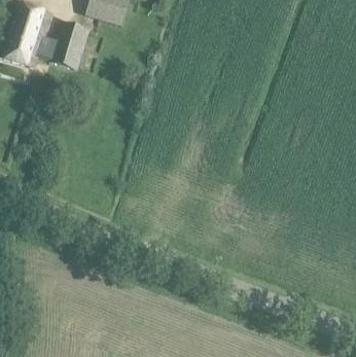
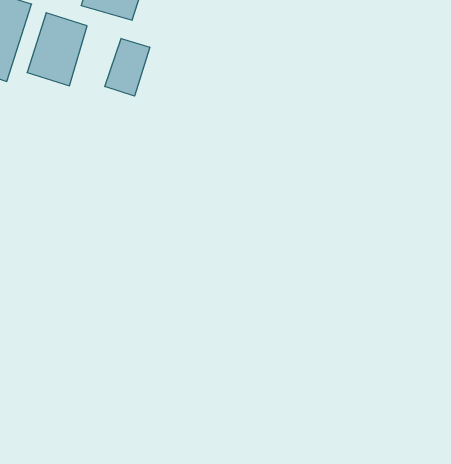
building: none -> [105,38,150,96]

